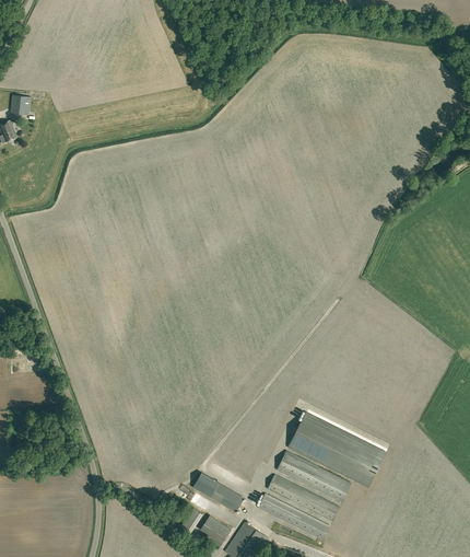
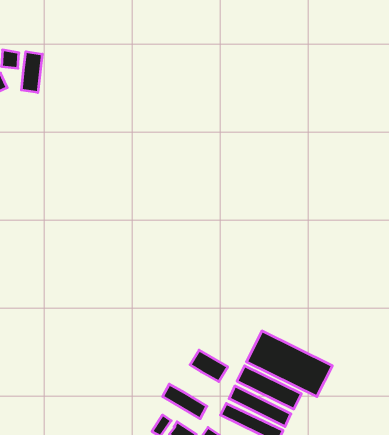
building: none -> [21,52,42,93]
building: none -> [190,350,228,382]

